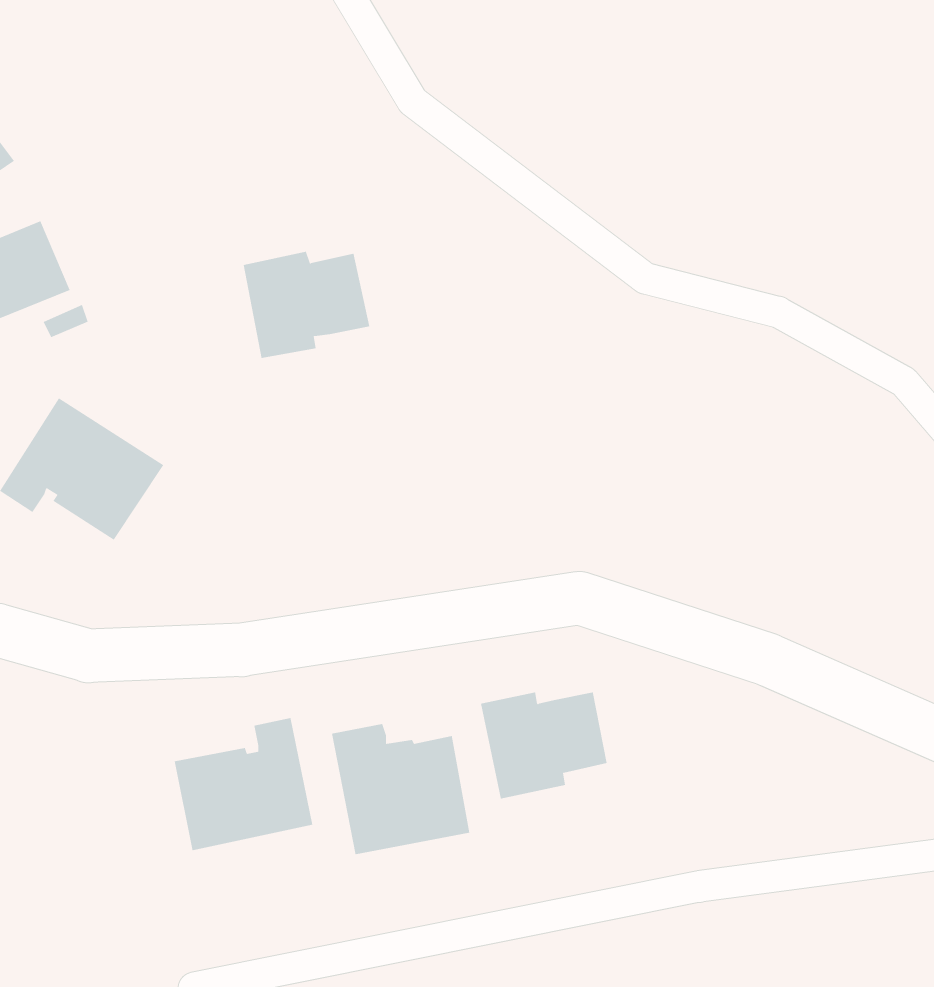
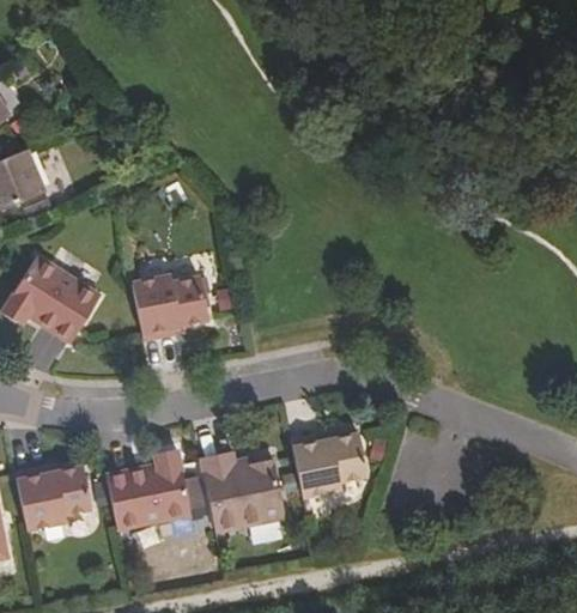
building: [243,251,370,358] -> [133,275,209,340]
building: none -> [16,466,92,530]

